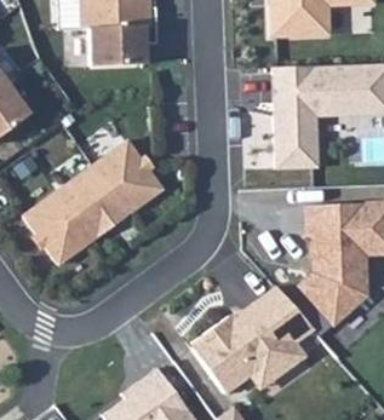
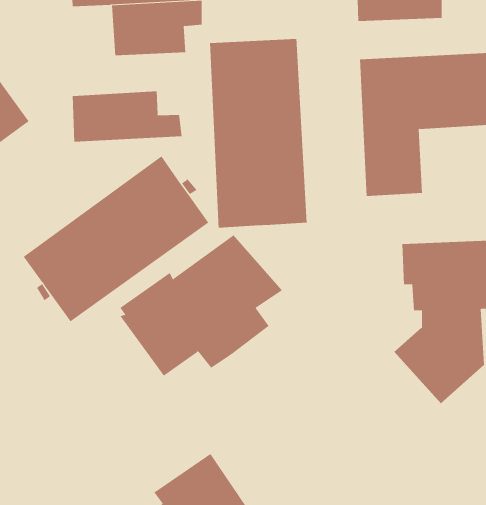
building: none -> [209,38,307,229]
building: none -> [72,91,182,143]
building: [191,287,313,392] -> [119,234,283,377]

